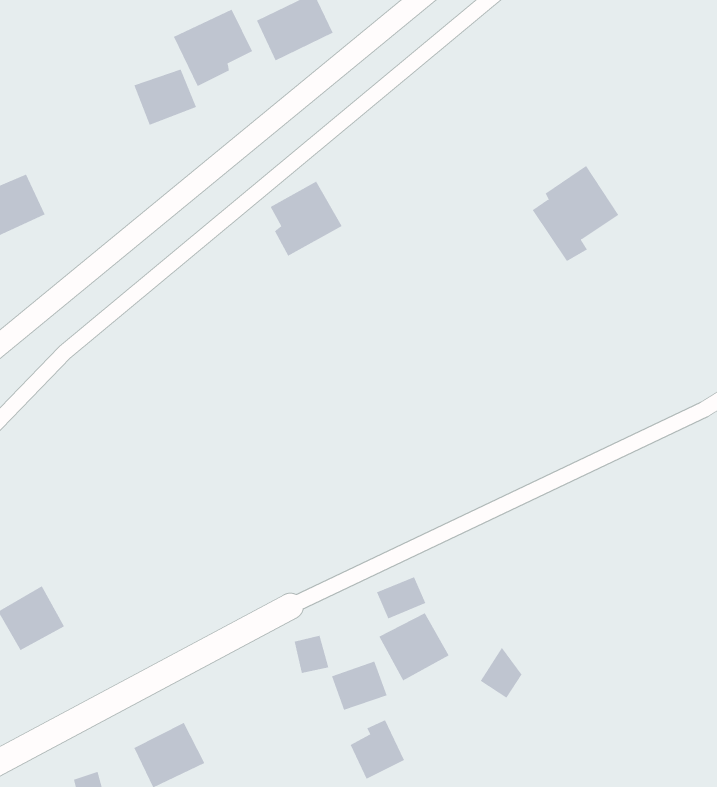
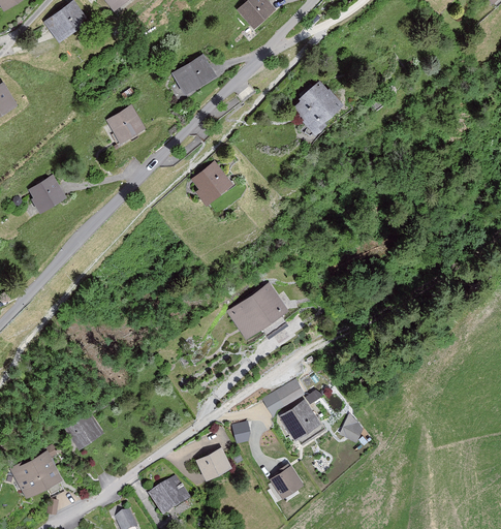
building: [173,9,253,87] -> none
building: [532,165,619,262] -> [292,81,342,136]
building: none -> [226,280,288,337]
building: [331,661,387,711] -> [197,447,230,477]

